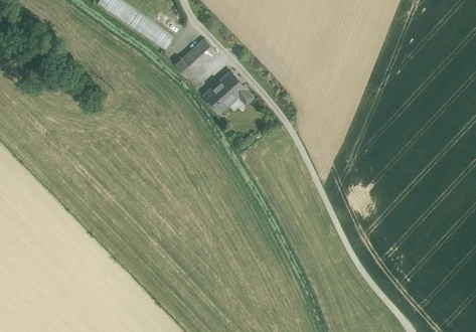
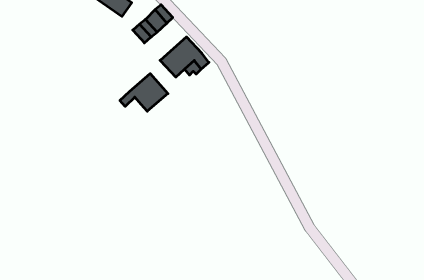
building: none -> [120,74,168,111]

